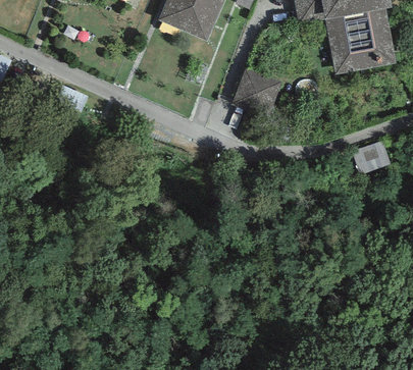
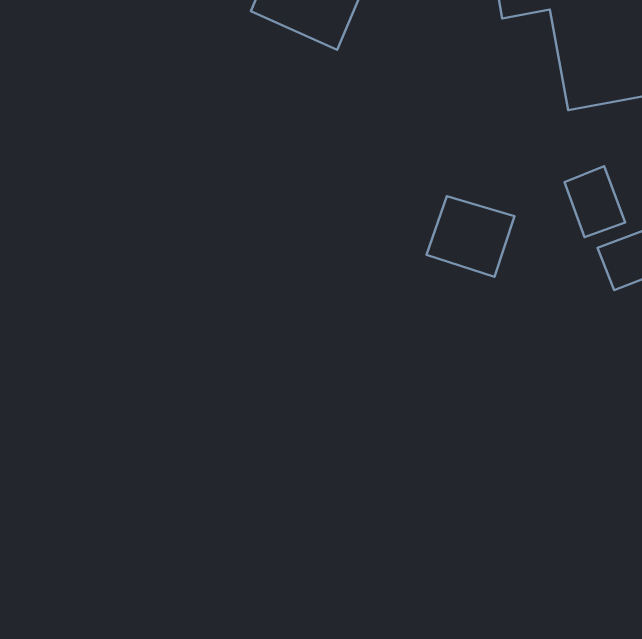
building: [238,68,287,113] -> [427,196,515,277]
building: none -> [565,166,625,237]

